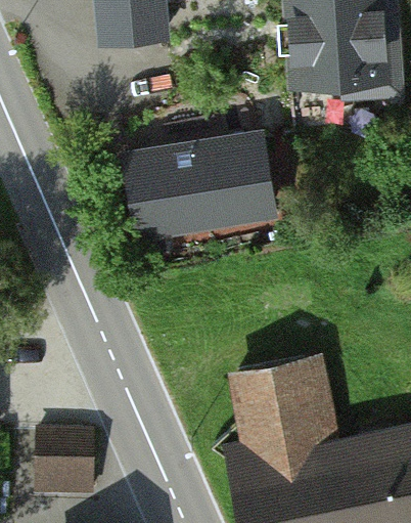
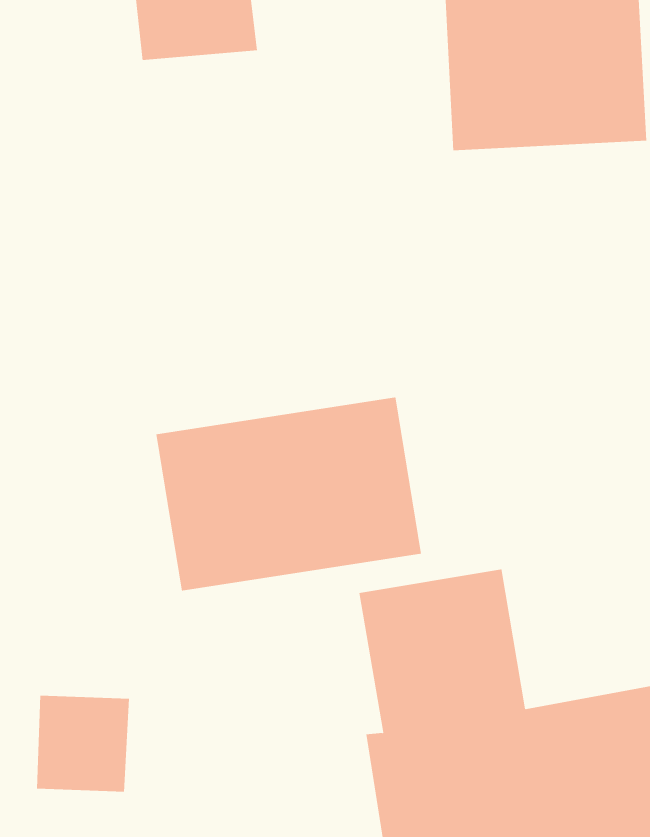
building: [121,130,280,247] -> [156,397,422,591]

